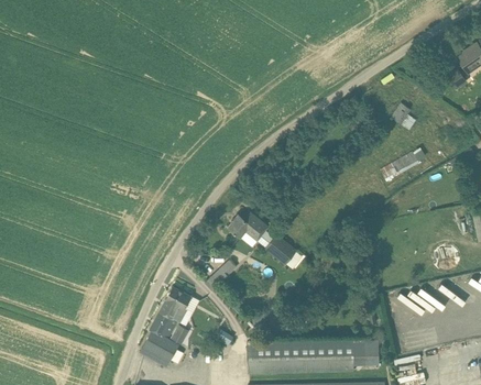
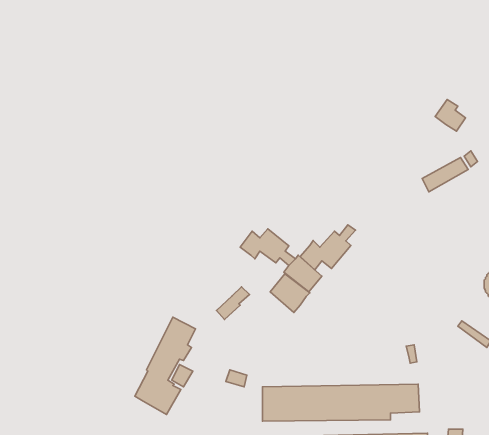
building: none -> [300,225,356,270]
building: none -> [270,274,310,312]

